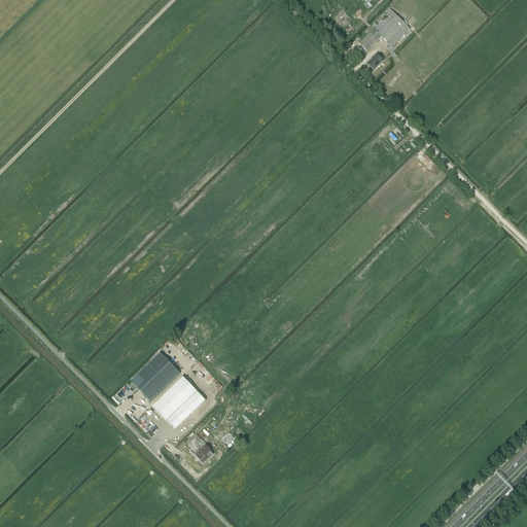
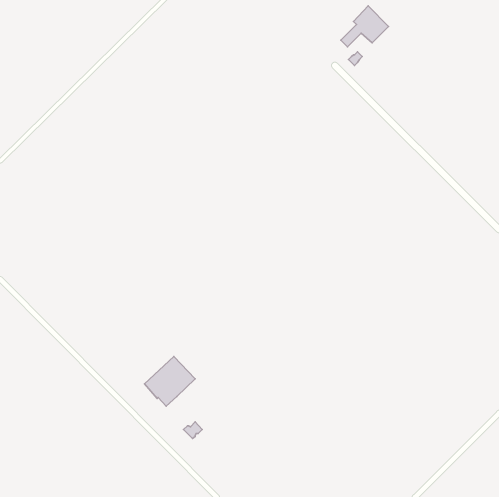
building: [131,352,180,400] -> none

